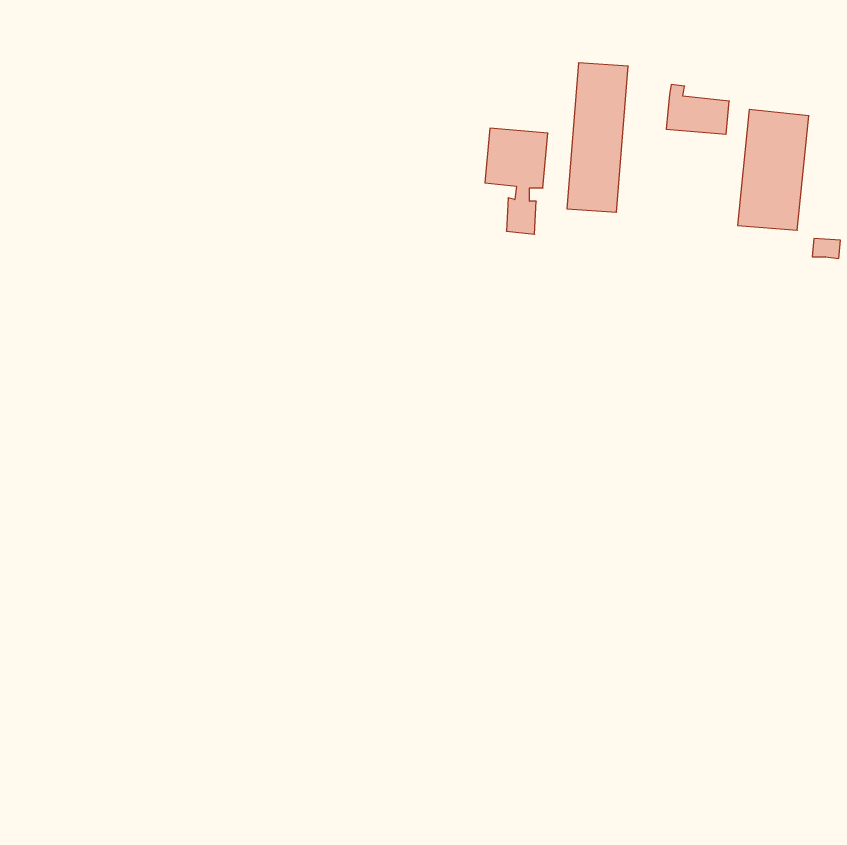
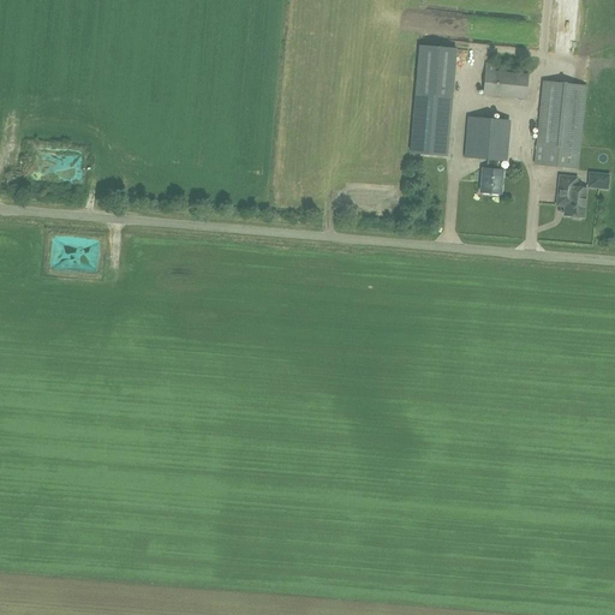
building: [485,128,548,234] -> [465,117,510,193]
building: none -> [557,175,586,217]

